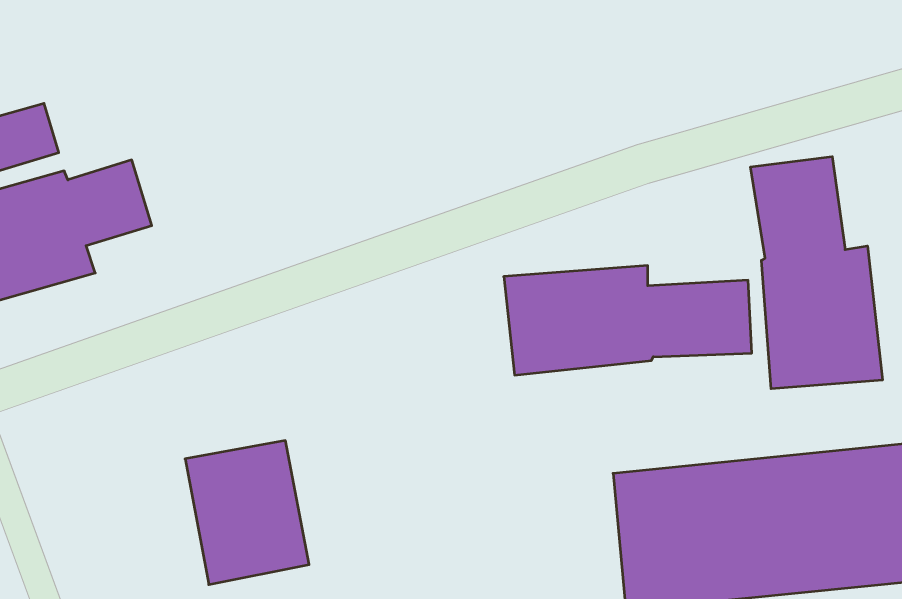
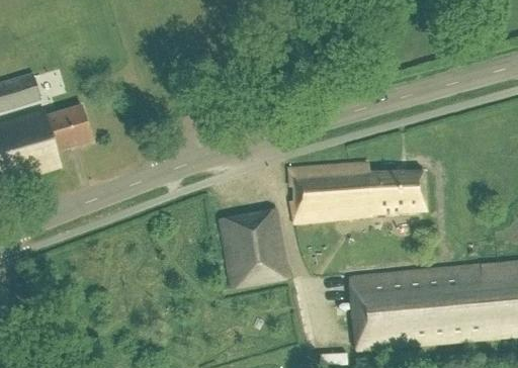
building: [751,157,882,389] -> none
building: [185,441,309,585] -> [220,209,288,289]

